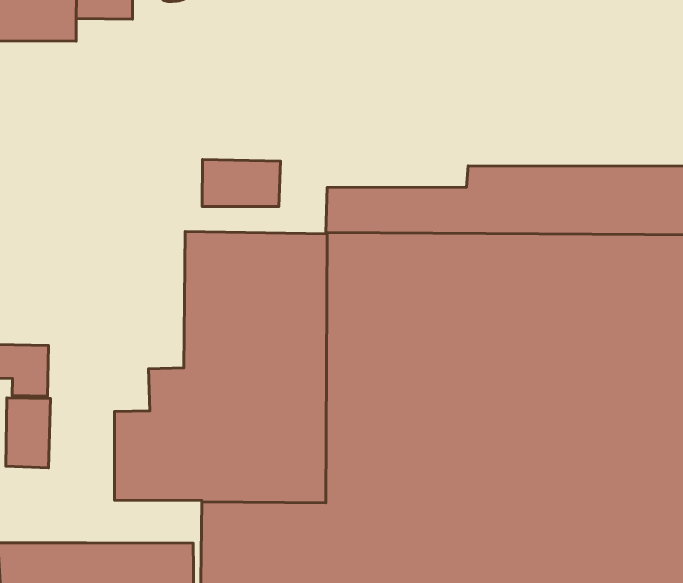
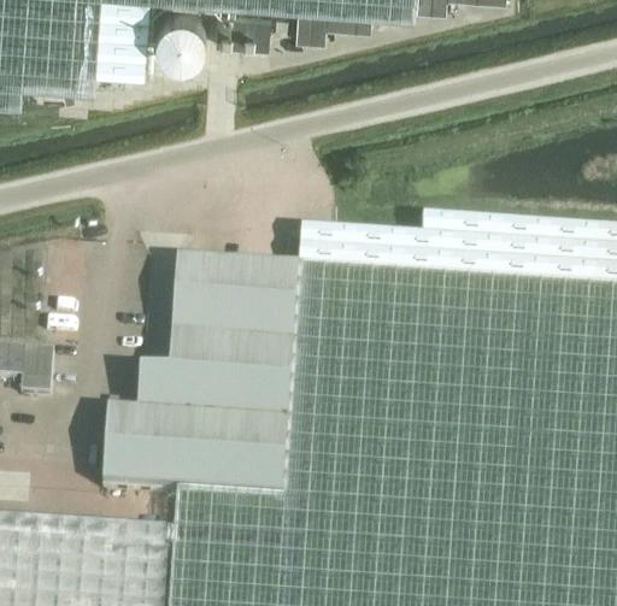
building: [202,160,280,206] -> none
building: [6,398,51,468] -> none

